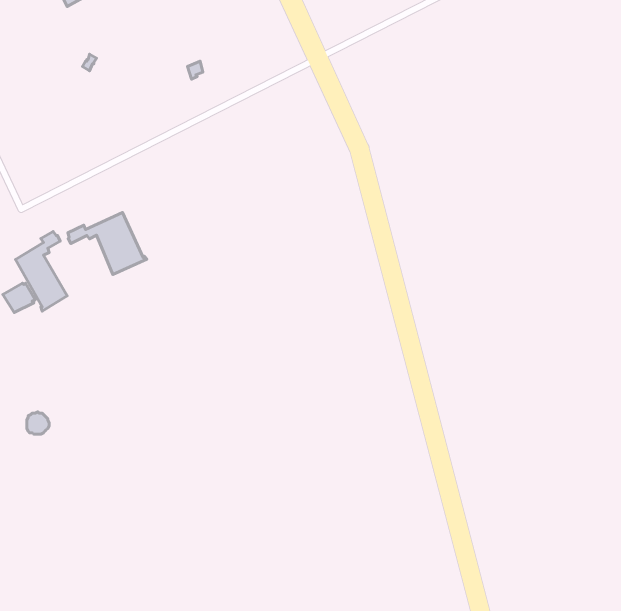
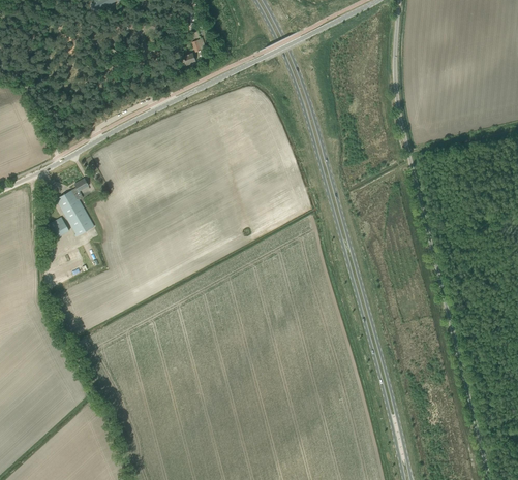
building: [68,212,147,274] -> none

